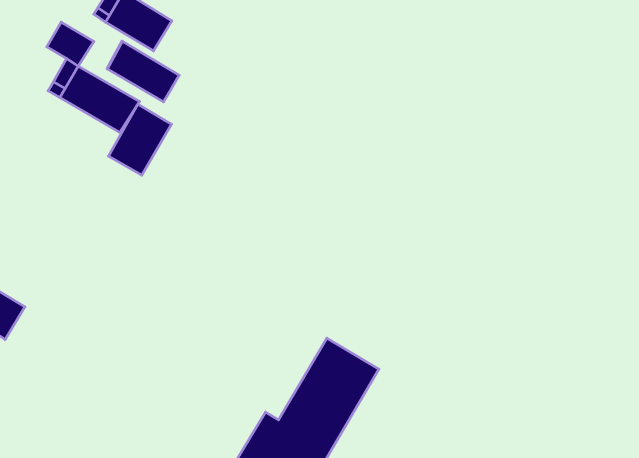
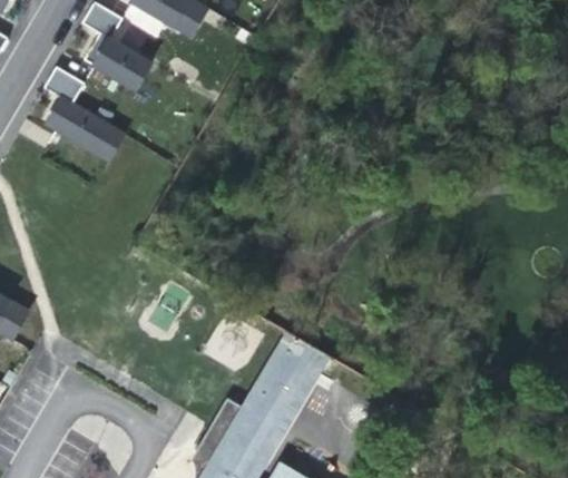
building: [107,41,179,102] -> none
building: [109,104,172,175] -> none

